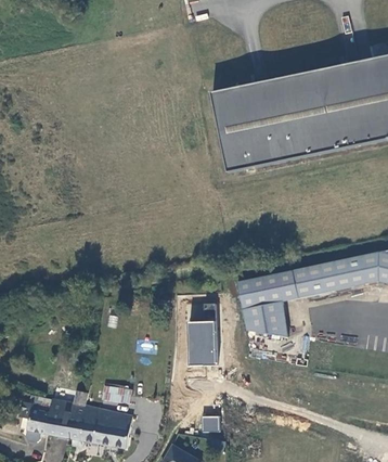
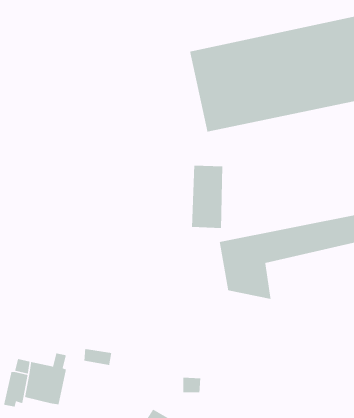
building: [186,300,218,363] -> [191,165,223,229]
building: [80,406,133,449] -> none

